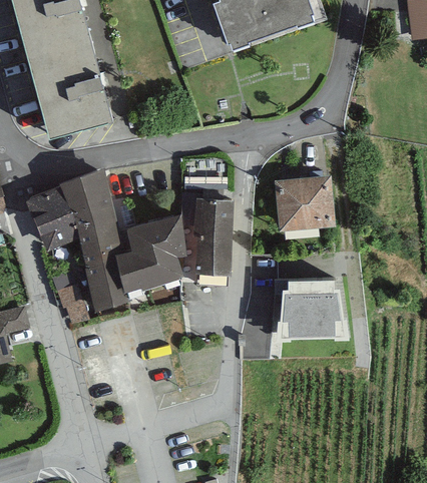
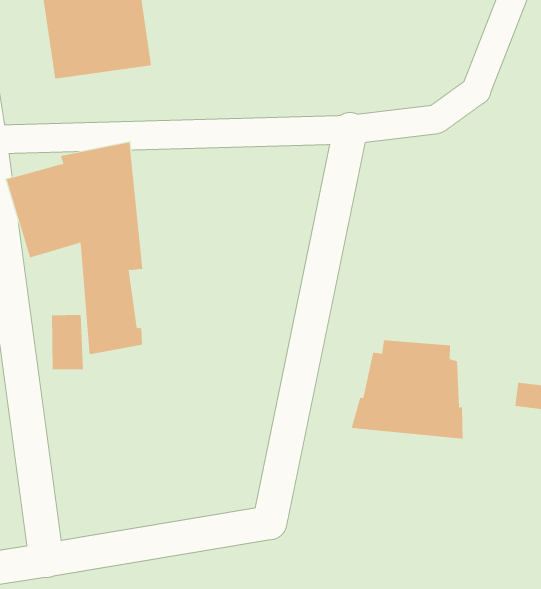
building: [273,175,333,230] -> none
building: [192,197,232,275] -> none
building: [113,212,186,289] -> none

